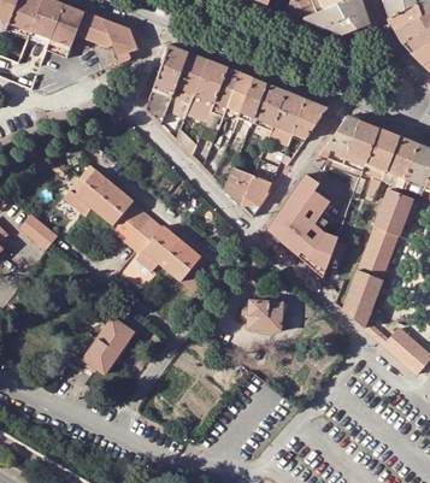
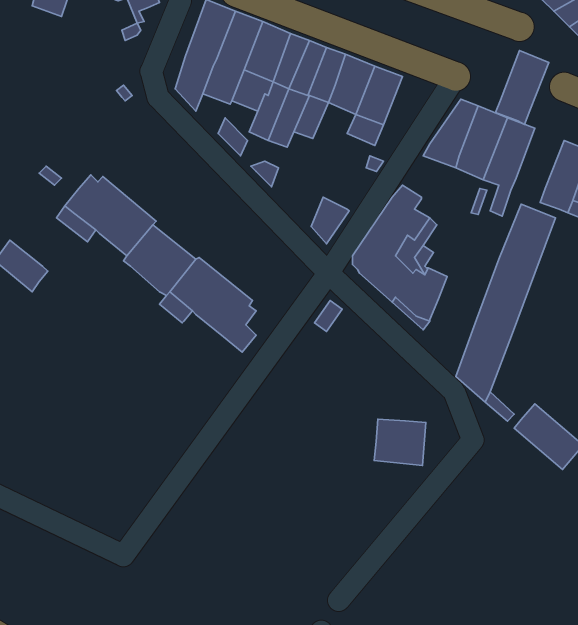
building: [293,99,328,139] -> none
building: [382,135,419,187] -> [495,50,549,124]
building: [224,163,253,204] -> none
building: [247,299,283,331] -> [374,419,426,466]
building: [83,316,134,372] -> none

